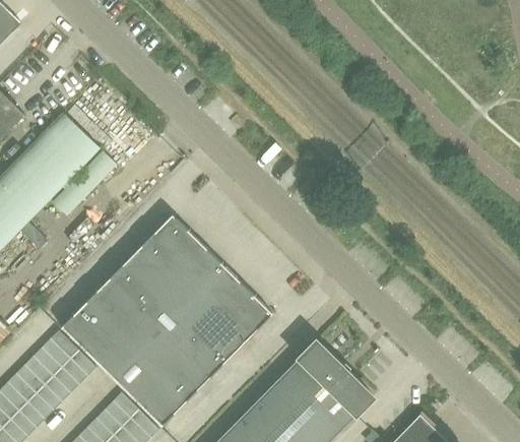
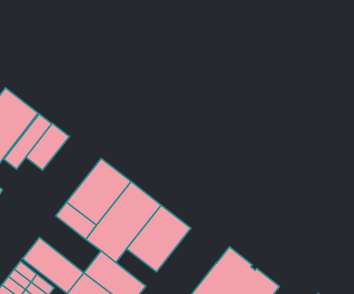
building: none -> [26,123,70,170]
building: [84,279,158,354] -> none
building: [175,330,223,379] -> none

